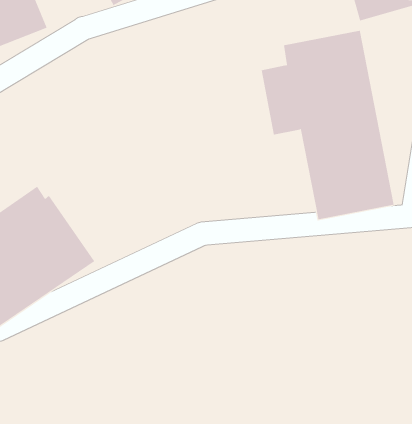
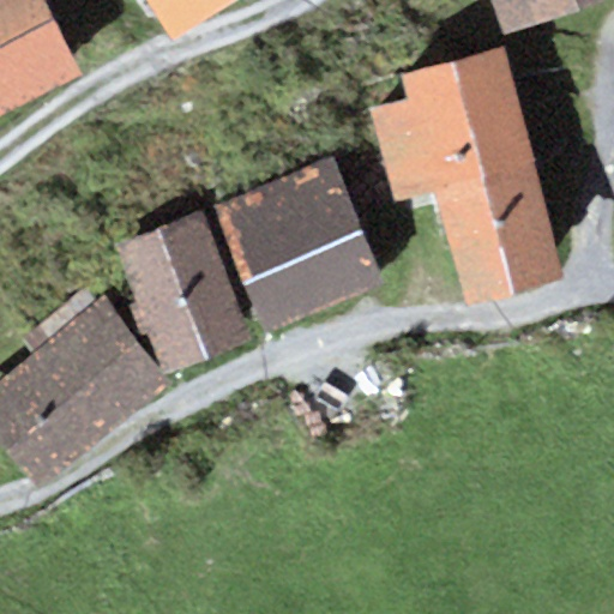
building: none -> [213,157,385,330]
building: none -> [116,213,247,372]

